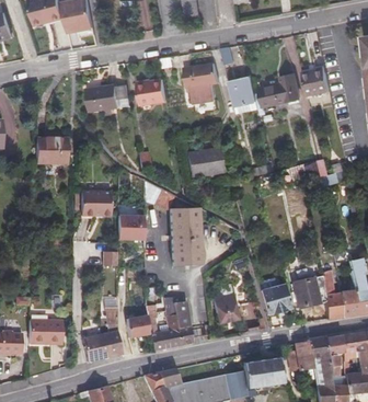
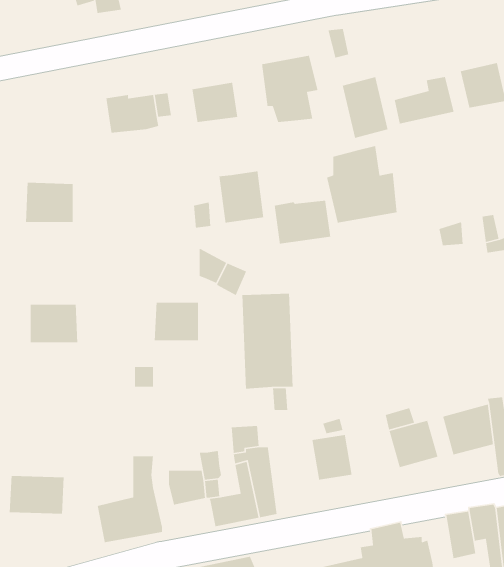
building: none -> [326,145,397,224]
building: none -> [219,170,264,223]
building: [83,192,113,216] -> [30,304,78,343]

